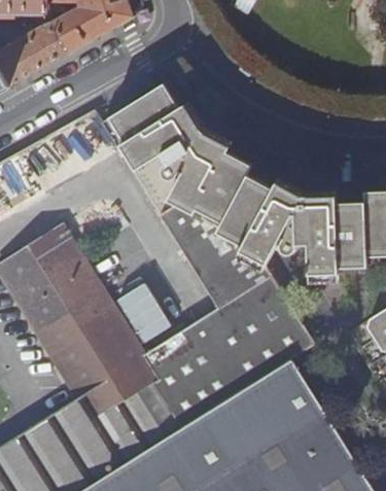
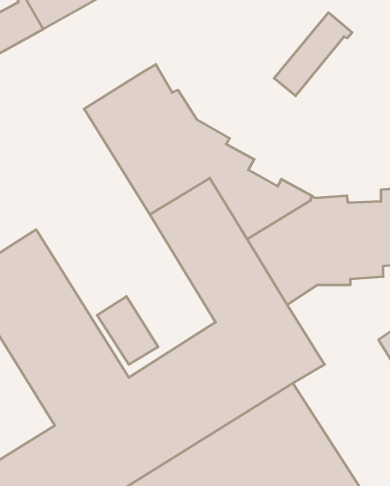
building: none -> [274,13,352,96]

